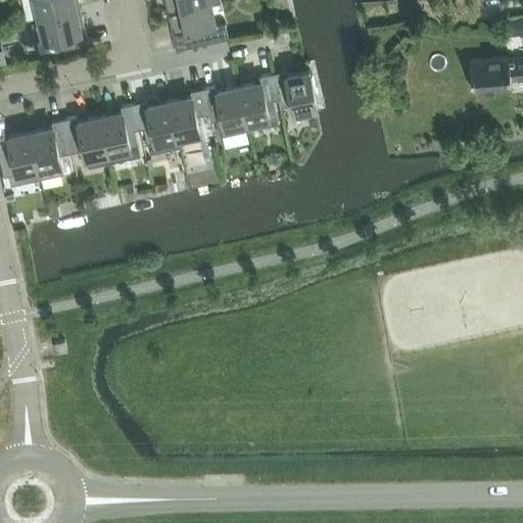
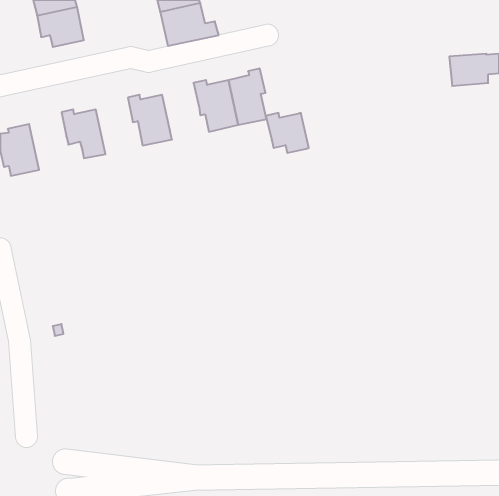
building: [272,72,317,113] -> [266,113,309,153]
building: [170,90,208,139] -> none
building: [100,105,140,164] -> none
building: [31,121,69,181] -> none

